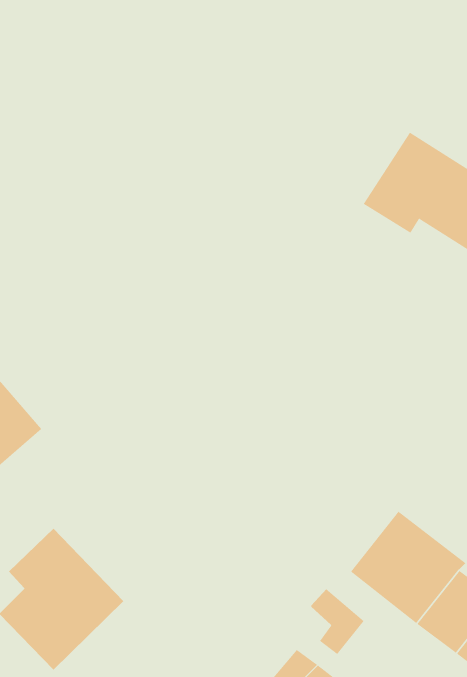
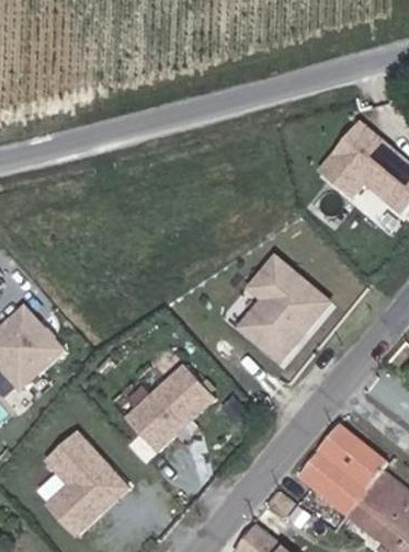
building: none -> [230,254,332,370]
building: none -> [120,364,214,456]

